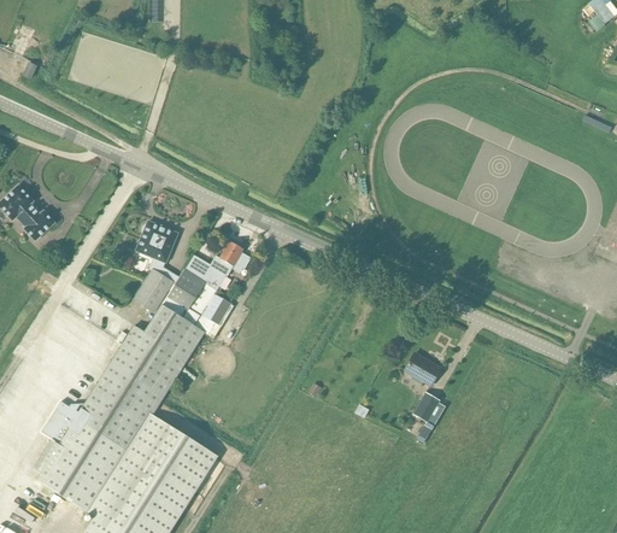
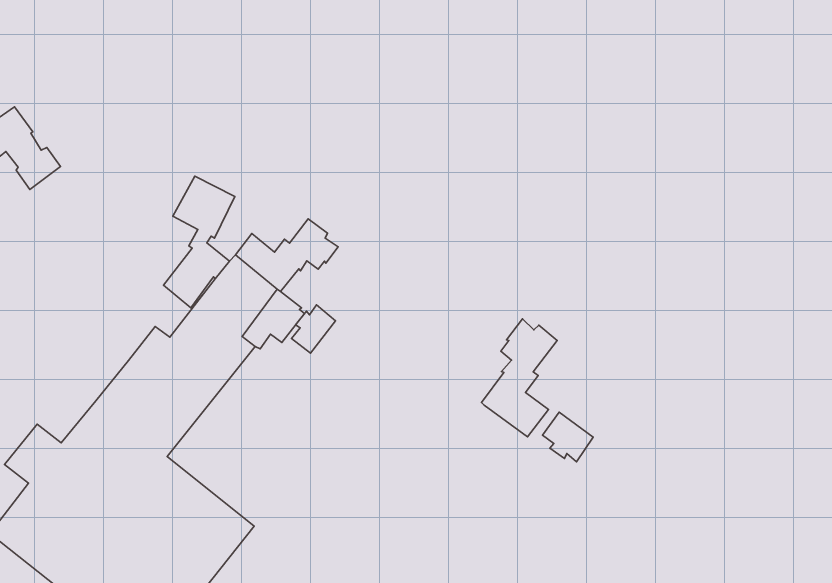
building: none -> [481,319,557,437]
building: none -> [292,305,336,353]
building: [413,393,446,430] -> none

